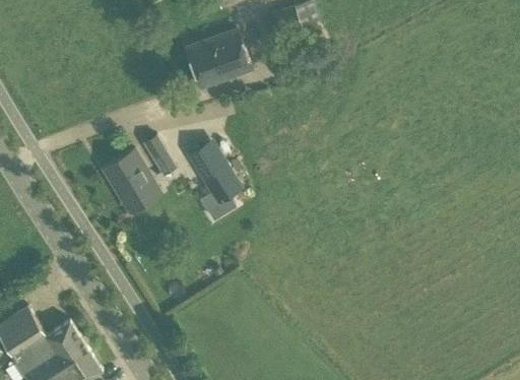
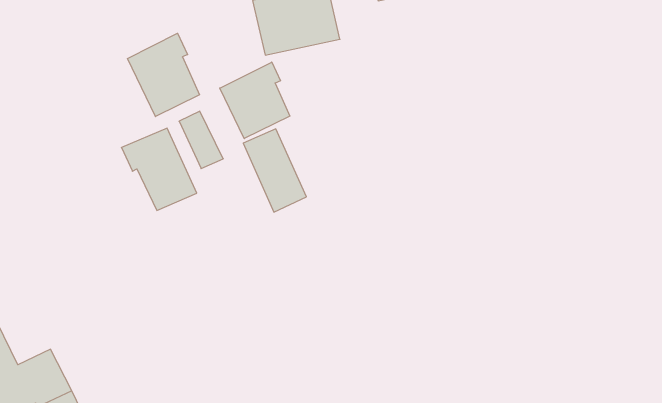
building: none -> [127,33,200,117]
building: none -> [220,62,290,139]

